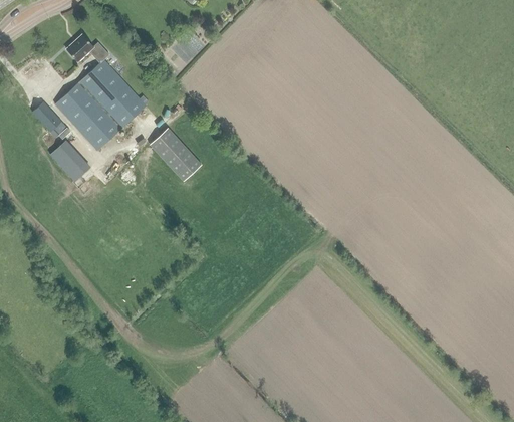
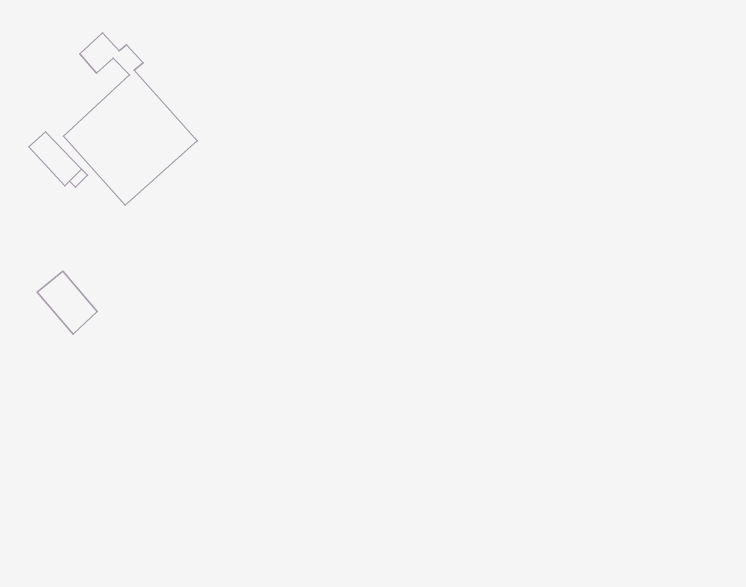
building: [149,127,201,181] -> none
building: [53,138,93,180] -> [37,271,97,334]

